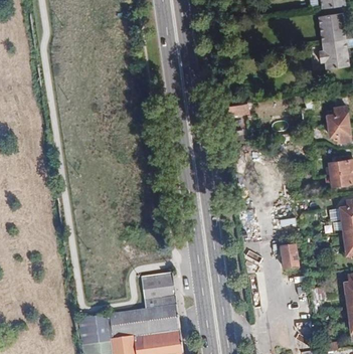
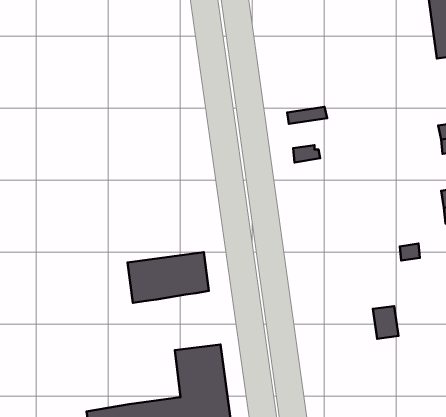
building: none -> [127,252,209,303]

